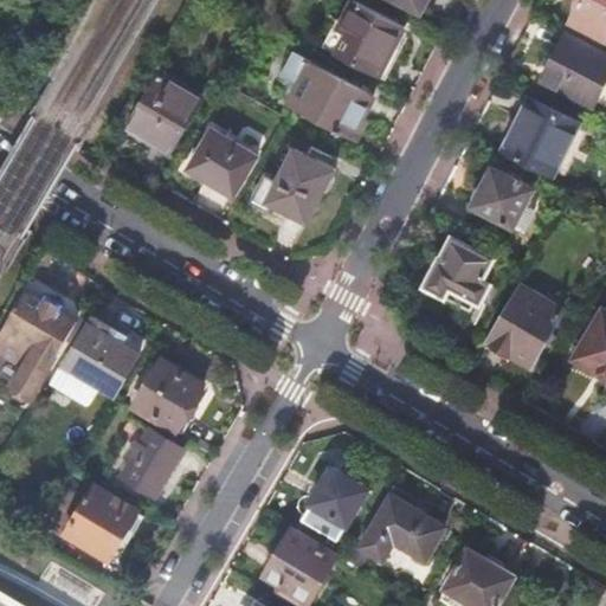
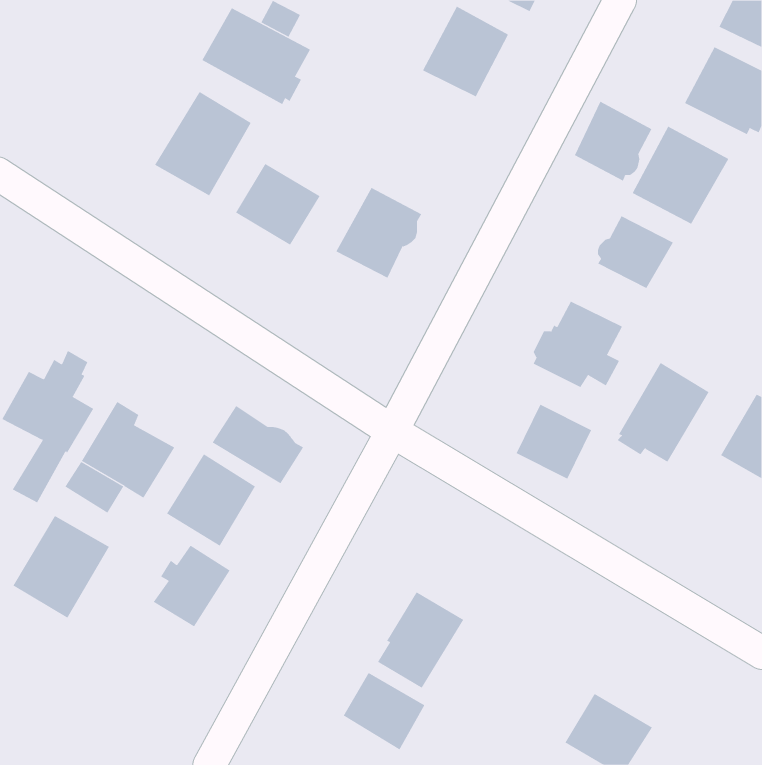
building: [285,63,372,140] -> [202,8,311,105]
building: none -> [574,101,652,182]
building: none -> [516,404,592,479]
building: none -> [212,405,304,484]
building: [62,482,138,563] -> [13,515,110,619]
building: [360,496,445,561] -> none

